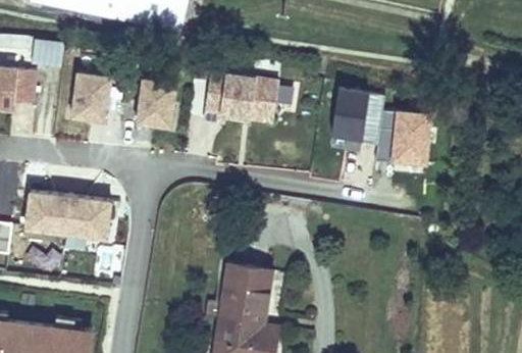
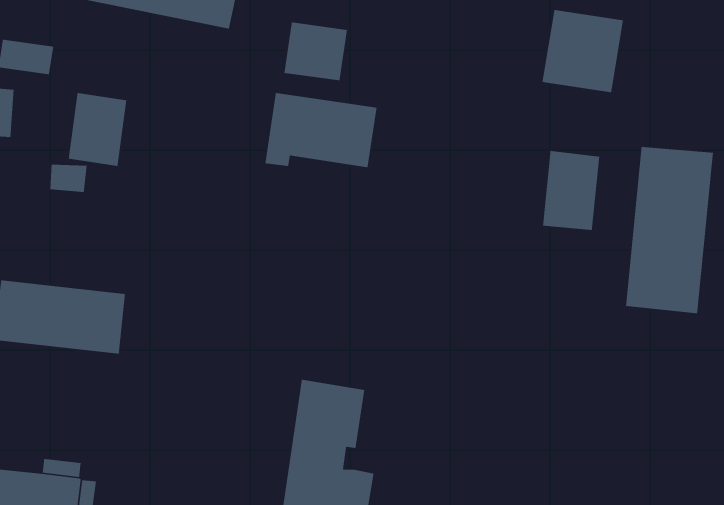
building: none -> [284,22,348,81]
building: [137,78,175,125] -> none
building: [327,87,382,143] -> [542,9,624,93]
building: none -> [625,146,714,314]

